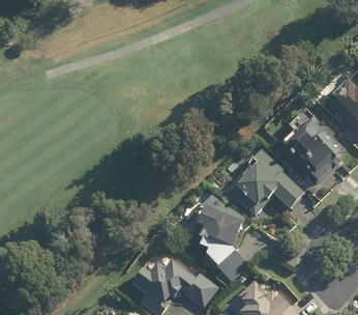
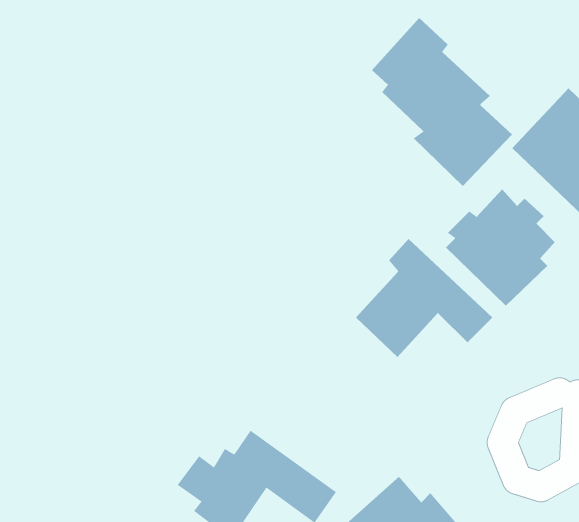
building: none -> [371,17,513,187]
building: [182,188,249,282] -> none

